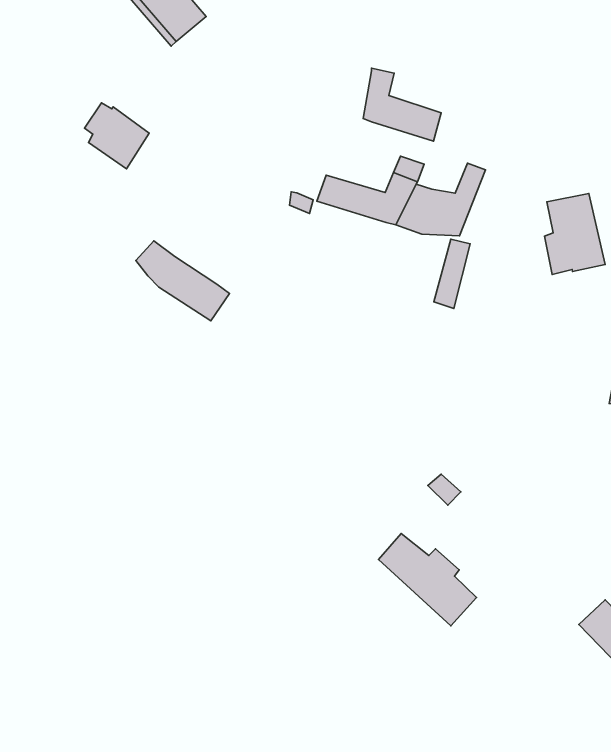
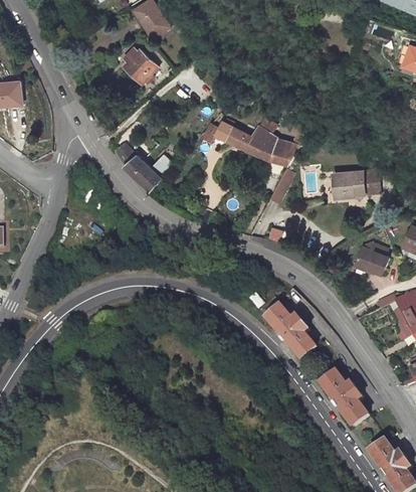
building: [363,68,441,141] -> none
building: [84,103,149,169] -> [124,45,158,83]
building: [379,533,477,626] -> [268,307,318,360]

